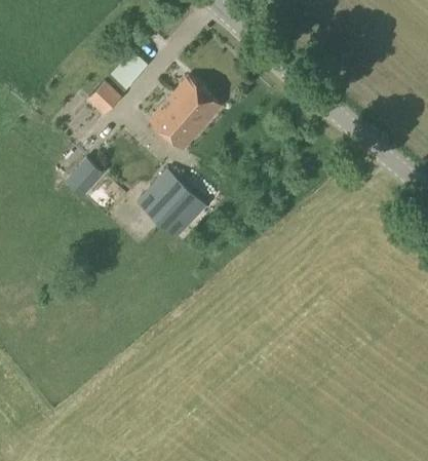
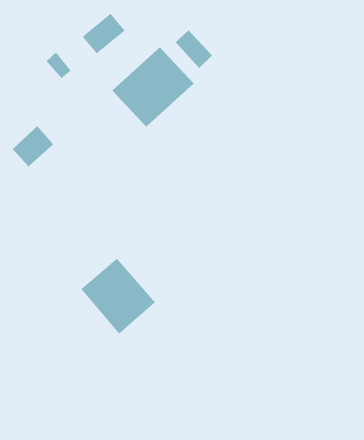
building: none -> [175,30,213,69]
building: [138,169,205,237] -> [80,258,156,334]

